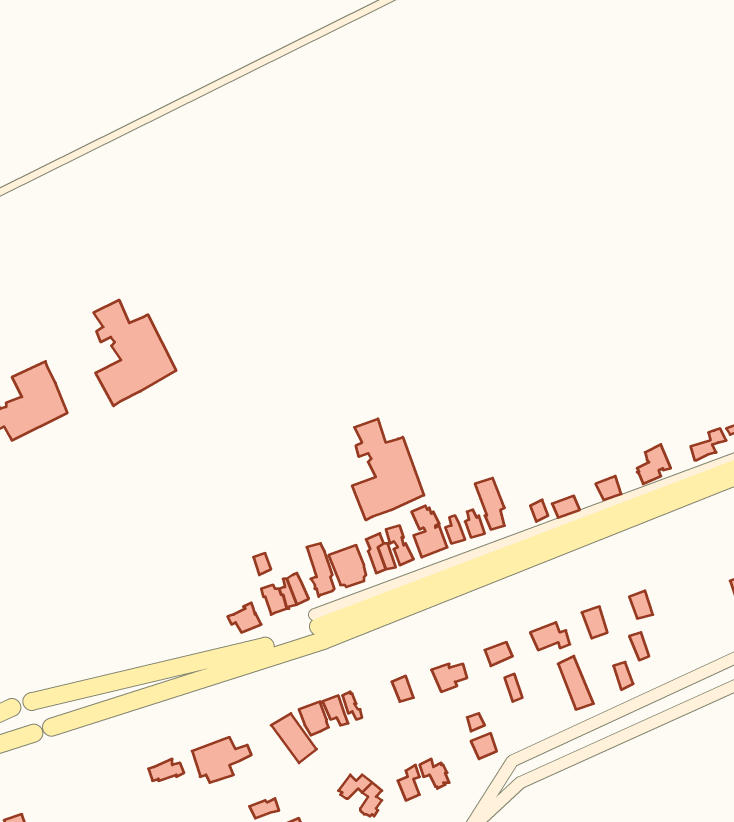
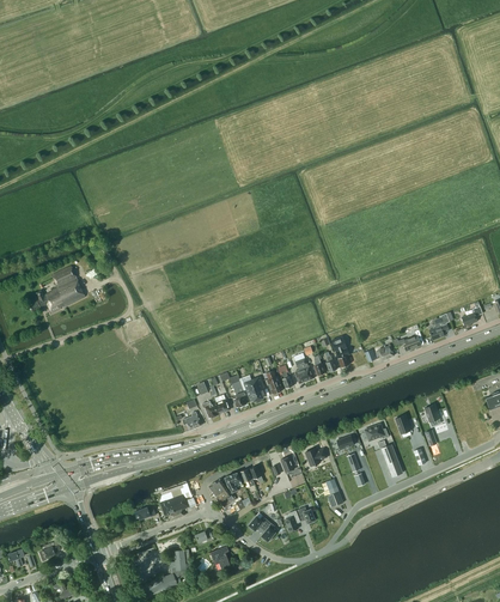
building: [94,300,176,406] -> none
building: [352,419,424,520] -> none

